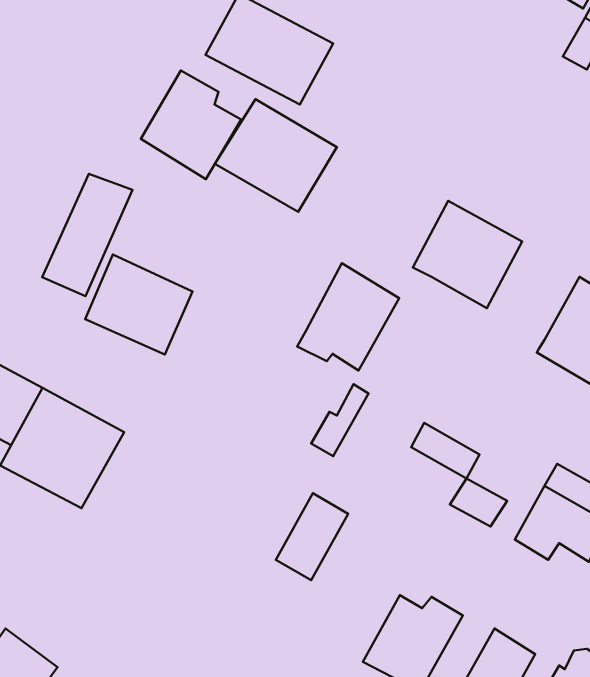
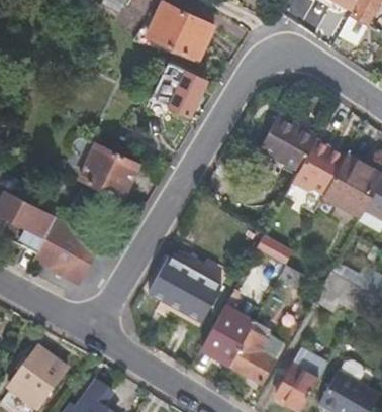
building: [141,70,241,179] -> none
building: [42,174,132,296] -> none
building: [297,263,399,370] -> [294,136,350,195]
building: none -> [150,255,204,310]
building: none -> [202,305,256,366]

